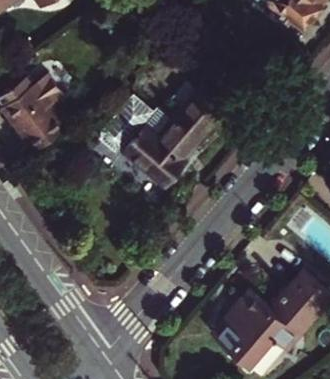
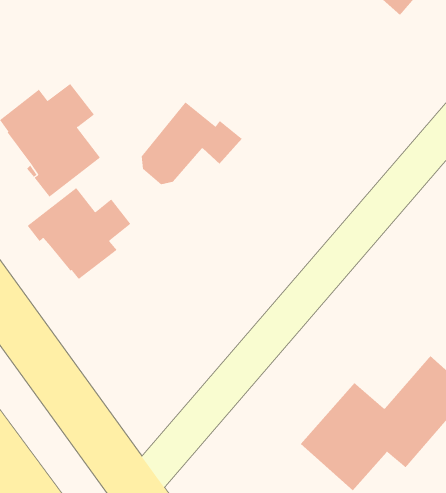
building: [124,86,226,185] -> none
building: none -> [27,187,131,280]

